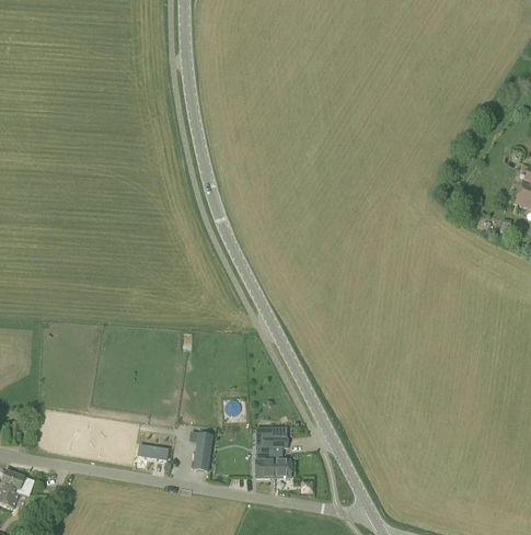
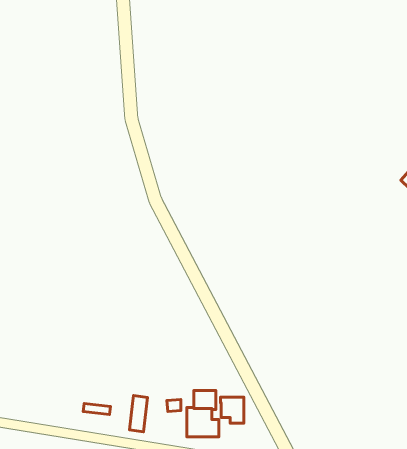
building: none -> [220,397,244,423]

